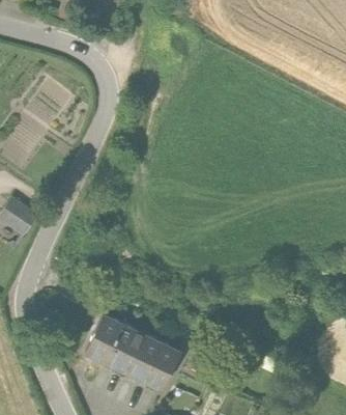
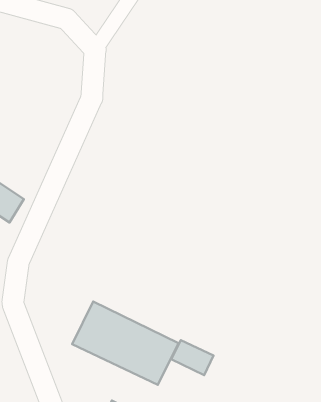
building: none -> [171,340,213,375]

